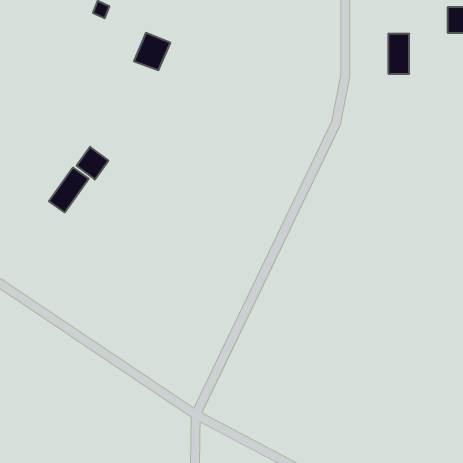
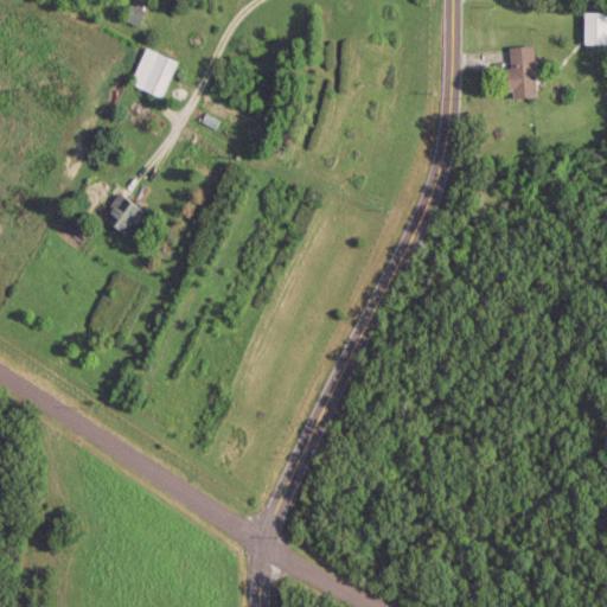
building: [134,33,170,70] -> [130,49,178,97]
building: [49,168,89,212] -> none

